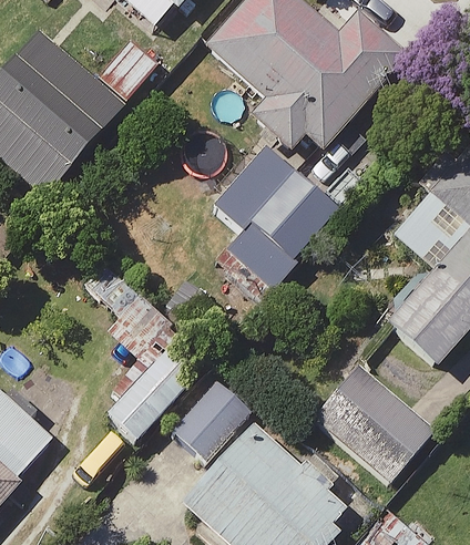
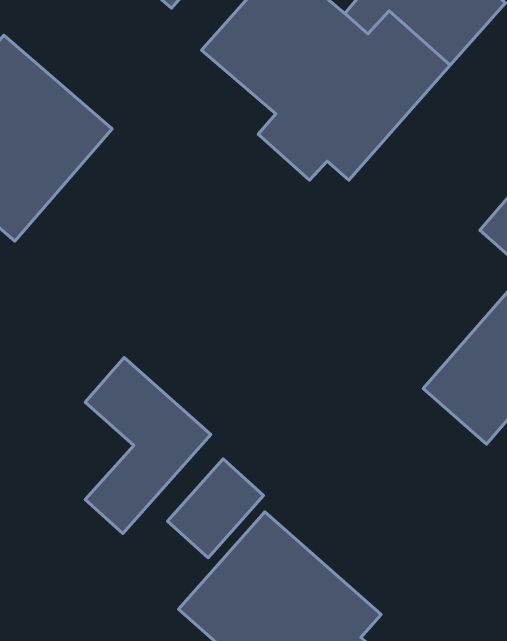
building: [213,142,344,289] -> none
building: [317,364,440,483] -> none

